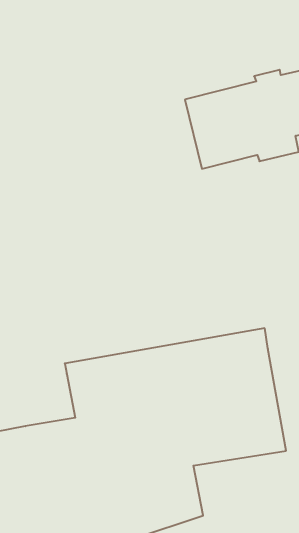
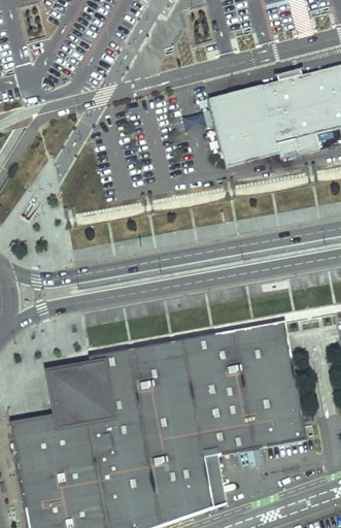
building: none -> [46,364,103,415]

